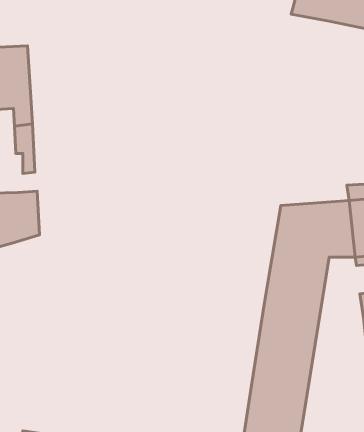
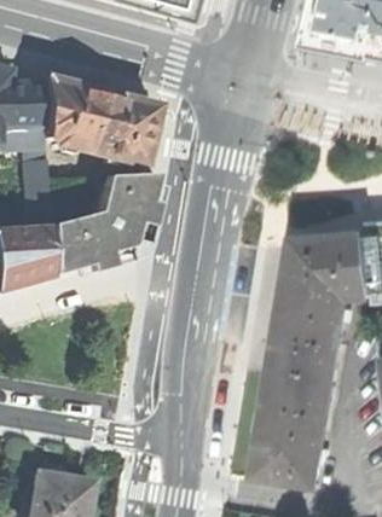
building: none -> [37,76,151,161]
building: none -> [47,172,152,272]

